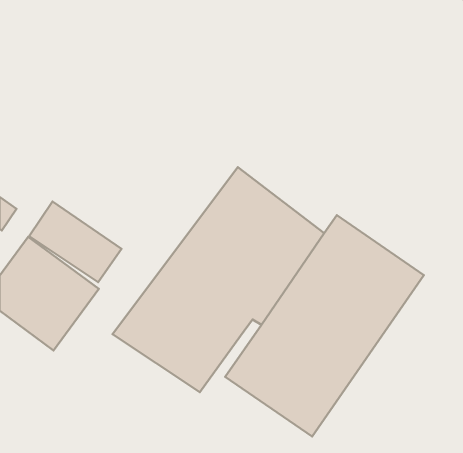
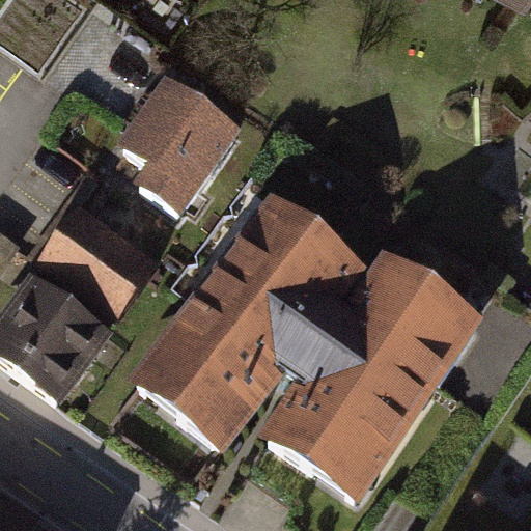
building: none -> [121,75,242,212]

